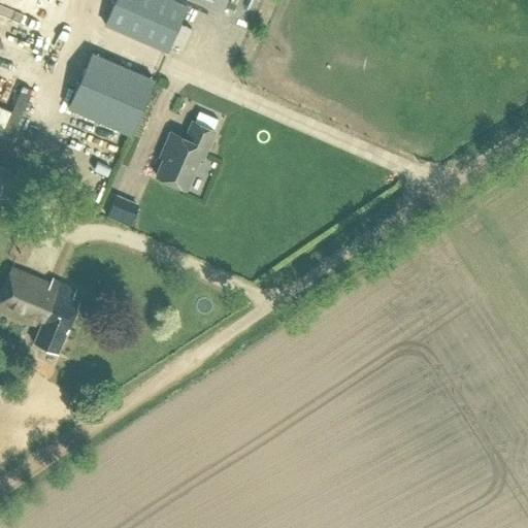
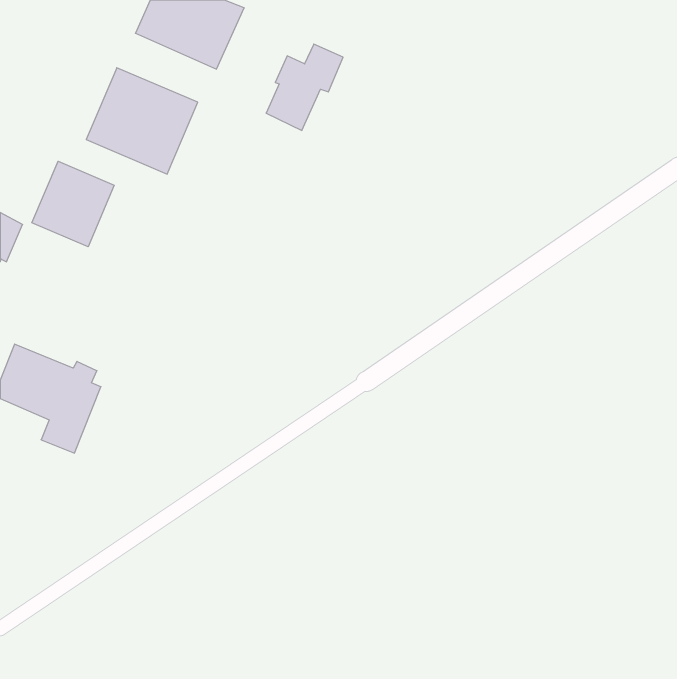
building: [156,120,216,187] -> [266,44,343,130]
building: none -> [32,161,114,247]

